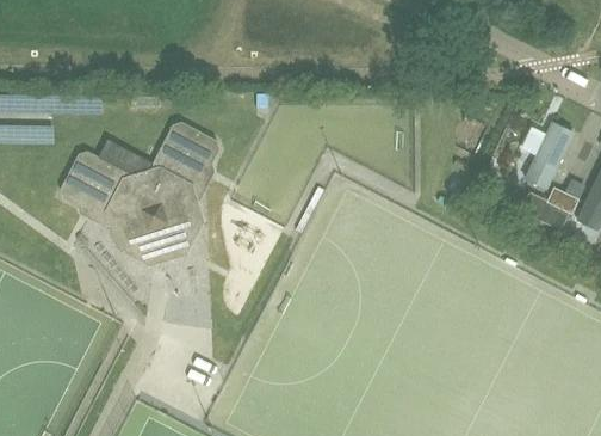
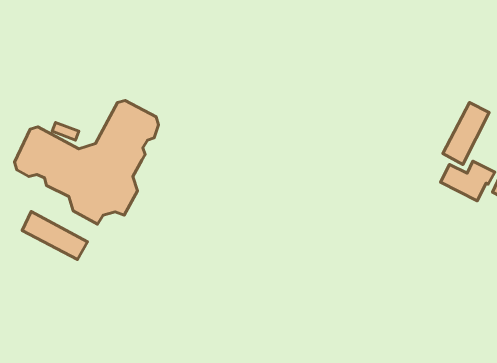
building: none -> [22,212,87,260]

